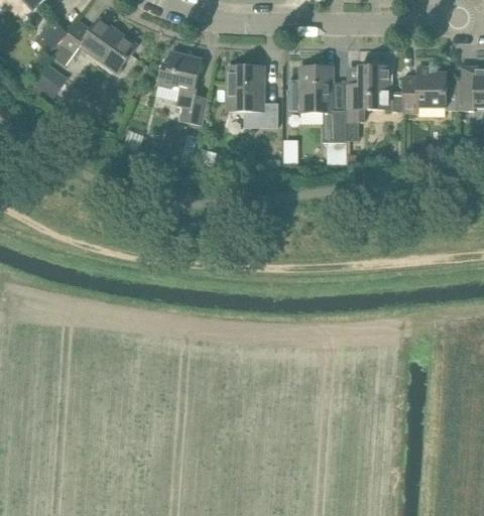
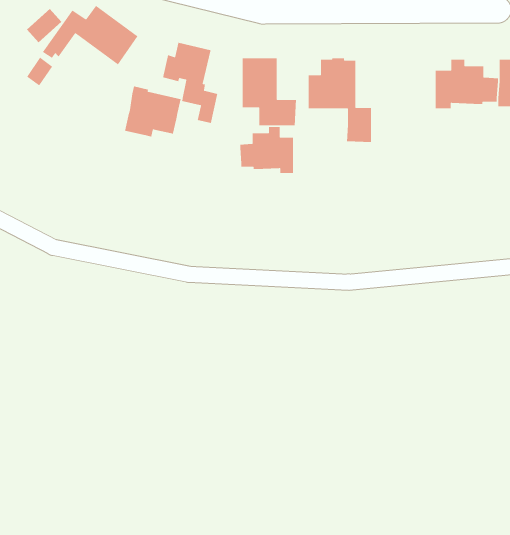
building: [346,67,402,121] -> none
building: none -> [124,85,182,137]
building: none -> [239,126,294,174]

